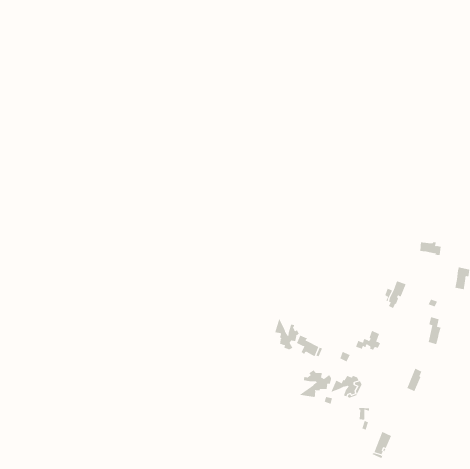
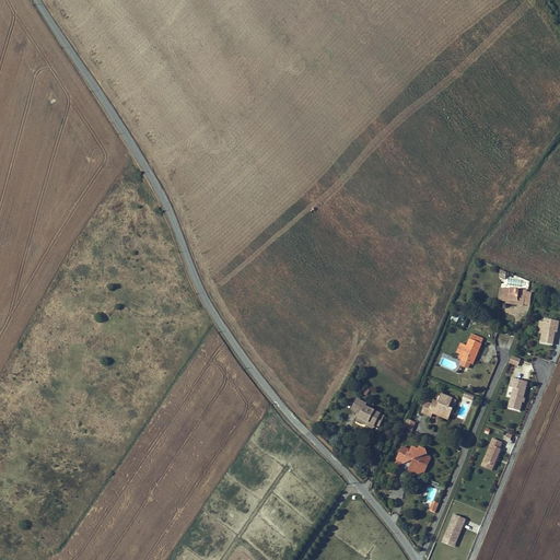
building: [274,317,299,350] -> none
building: [298,370,332,398] -> none

